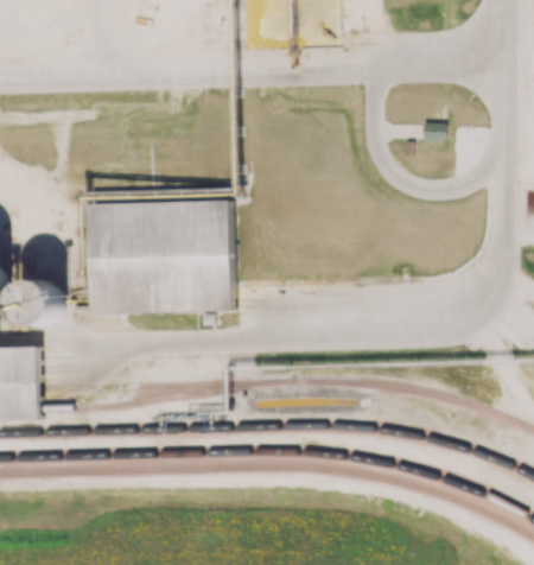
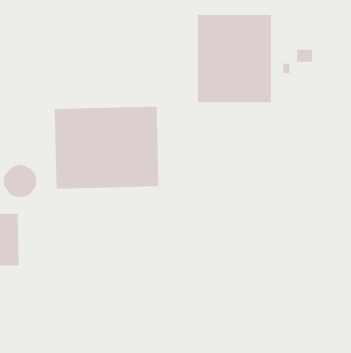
building: none -> [198,14,272,103]

